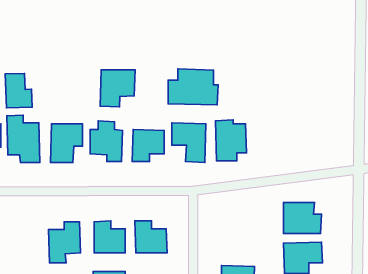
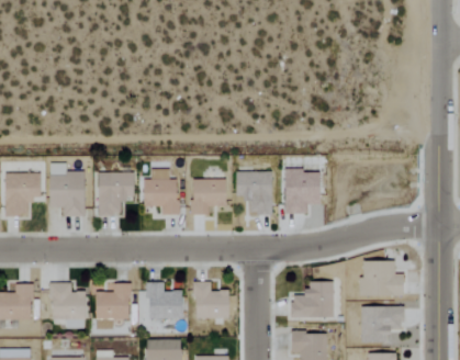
building: [168,69,218,105] -> none
building: [100,70,135,107] -> none
building: [5,74,32,108] -> none
building: none -> [291,282,335,318]
building: none -> [51,283,87,328]

